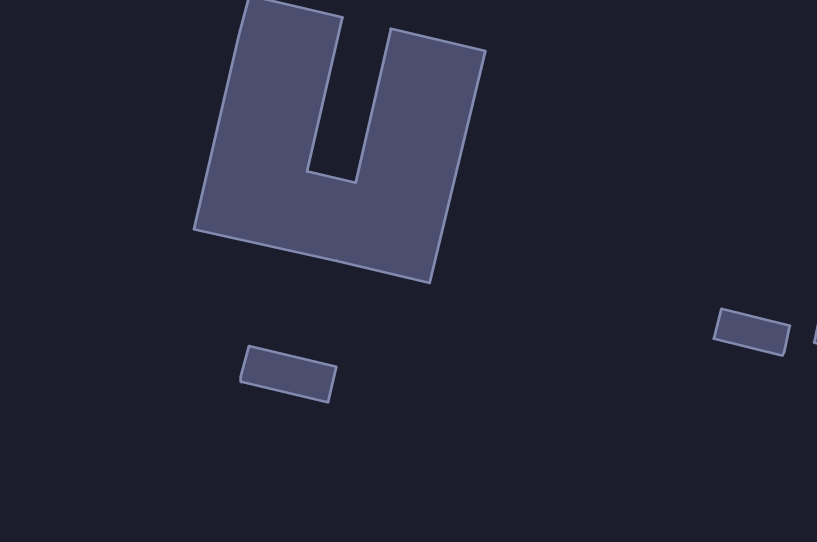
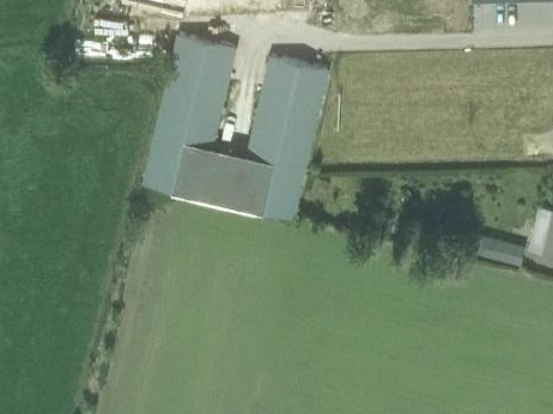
building: [241,346,336,402] -> none

